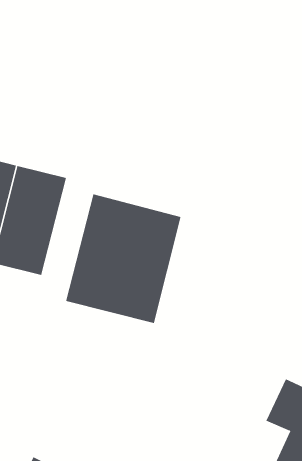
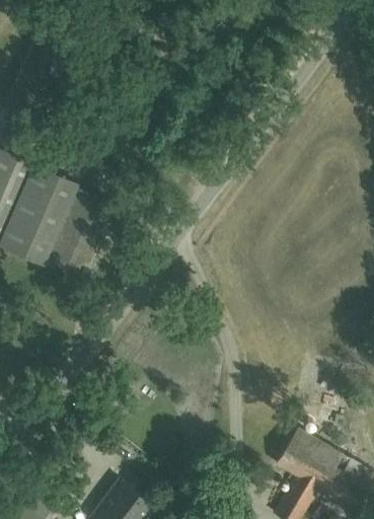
building: [65,193,181,324] -> none

